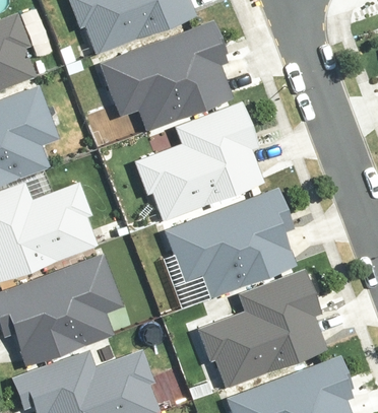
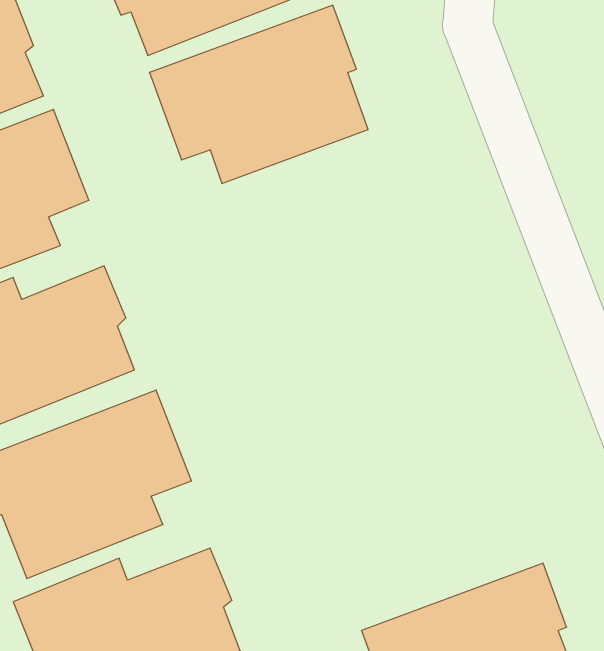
building: [139,106,266,221] -> none
building: [165,188,297,294] -> none
building: [195,273,322,388] -> none

